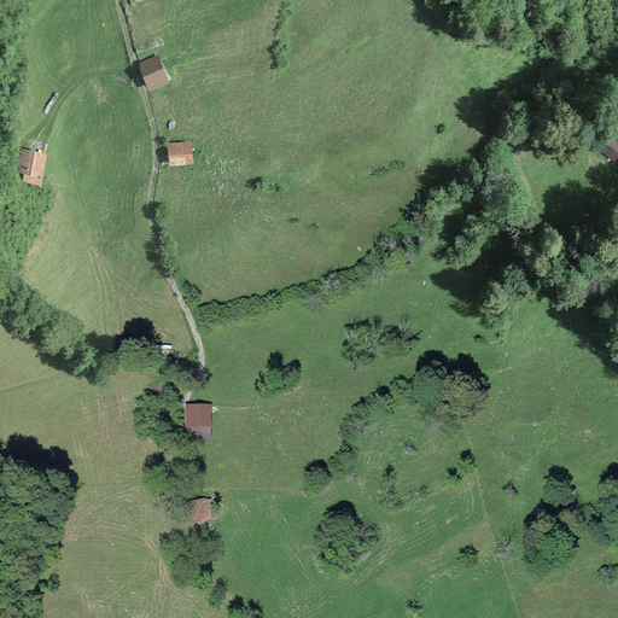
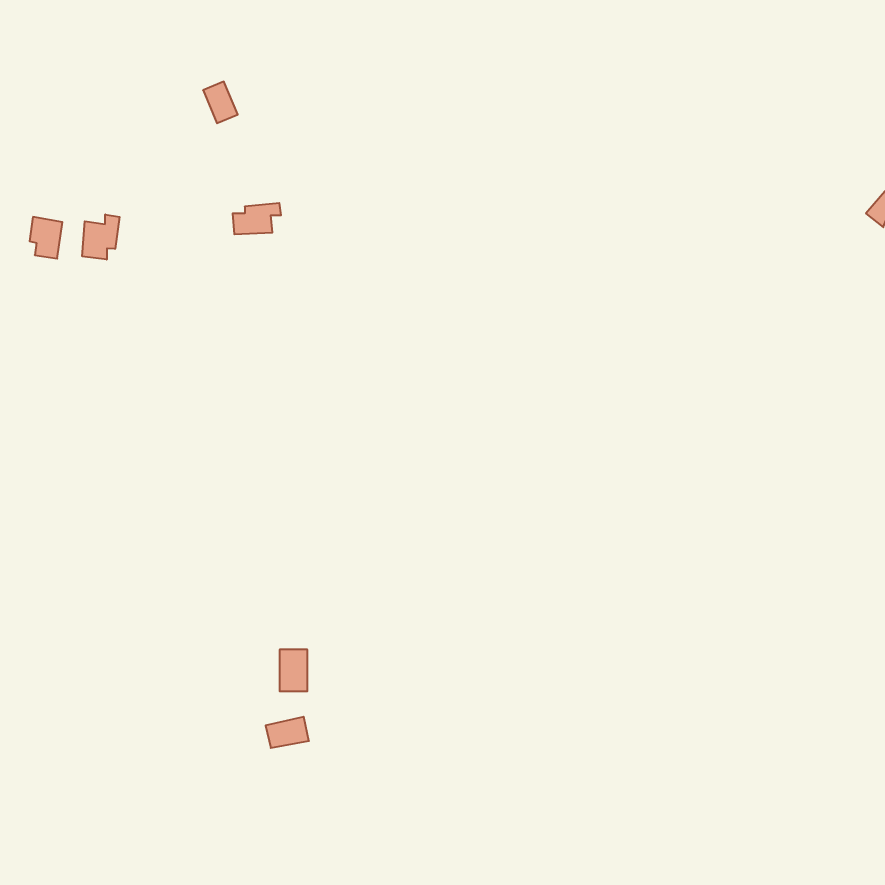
building: none -> [82,214,120,260]
building: [190,407,209,436] -> [280,650,307,691]

